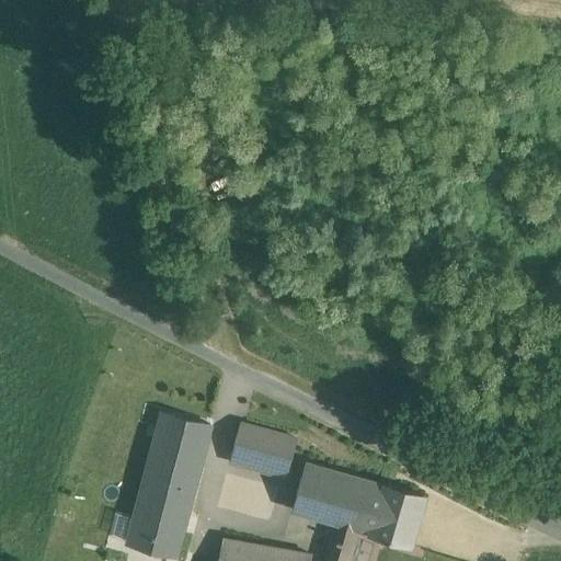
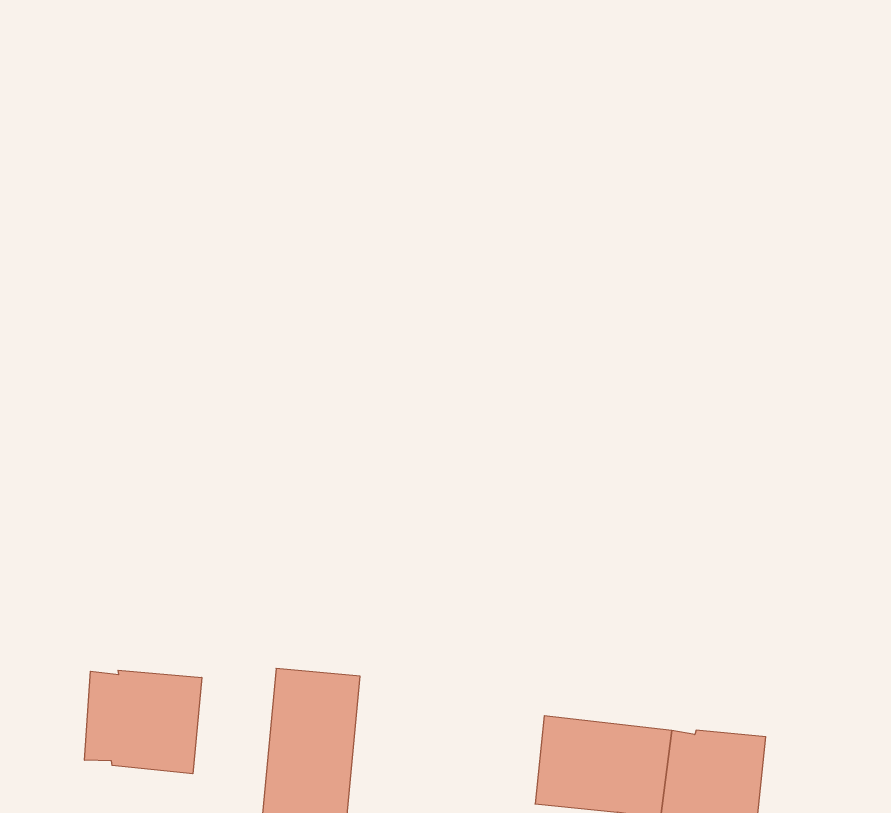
building: none -> [85,670,202,774]
building: [230,424,296,473] -> none

